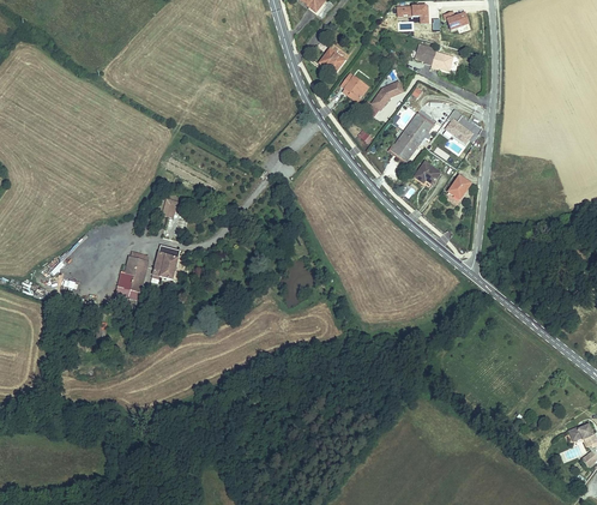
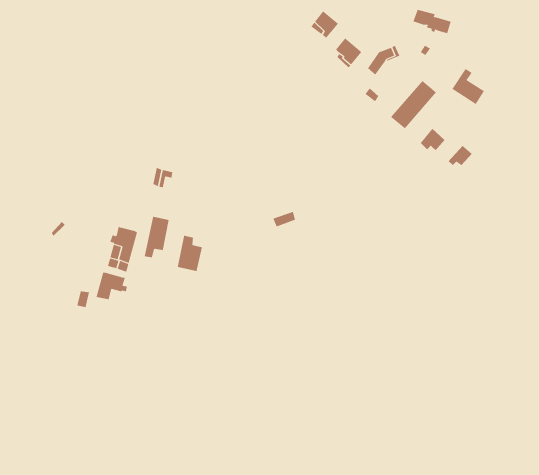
building: none -> [177,235,203,272]
building: none -> [96,272,127,300]

